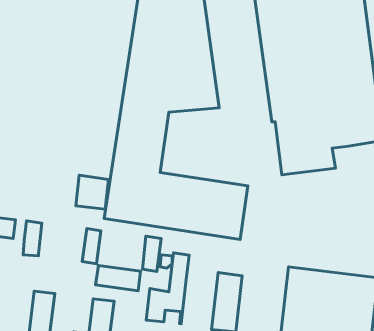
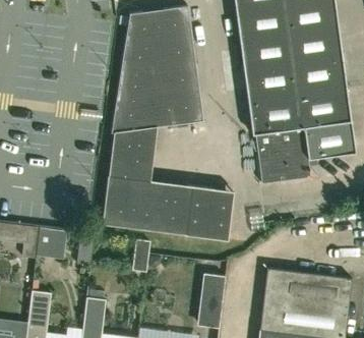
building: [76,175,109,209] -> [37,227,67,259]
building: [146,253,189,324] -> none
building: [96,266,141,291] -> none

